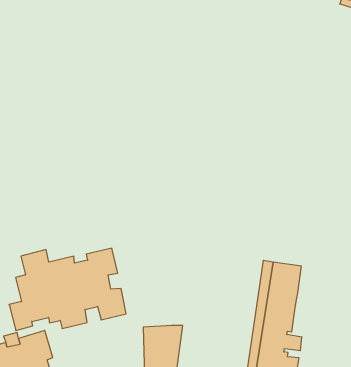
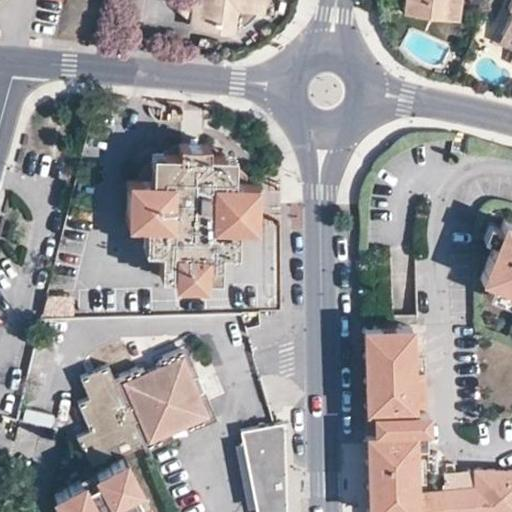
building: none -> [130,145,259,285]

